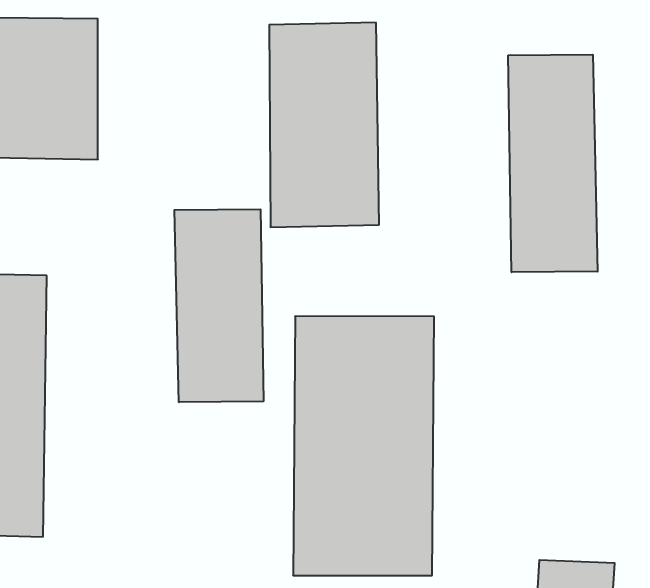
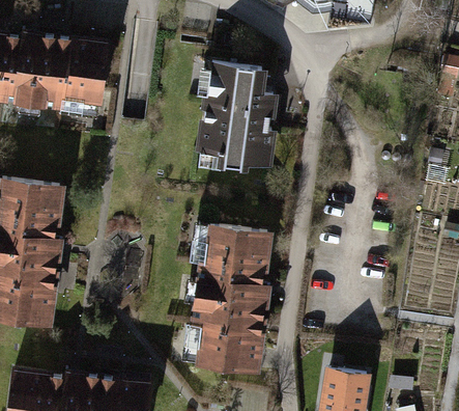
building: [508,55,598,272] -> none
building: [174,209,263,402] -> none

